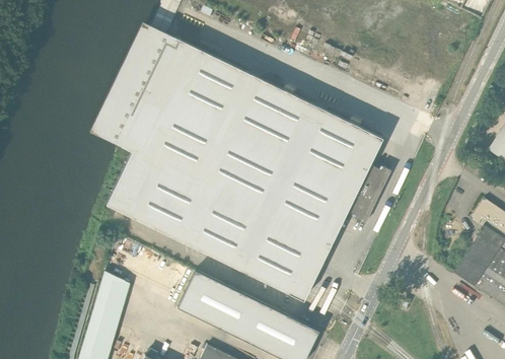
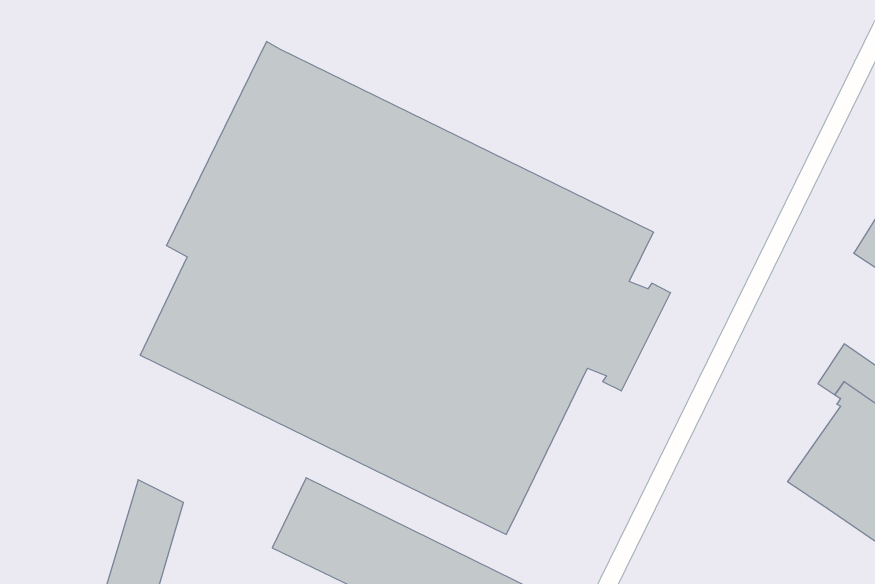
building: [90,21,174,145] -> none

